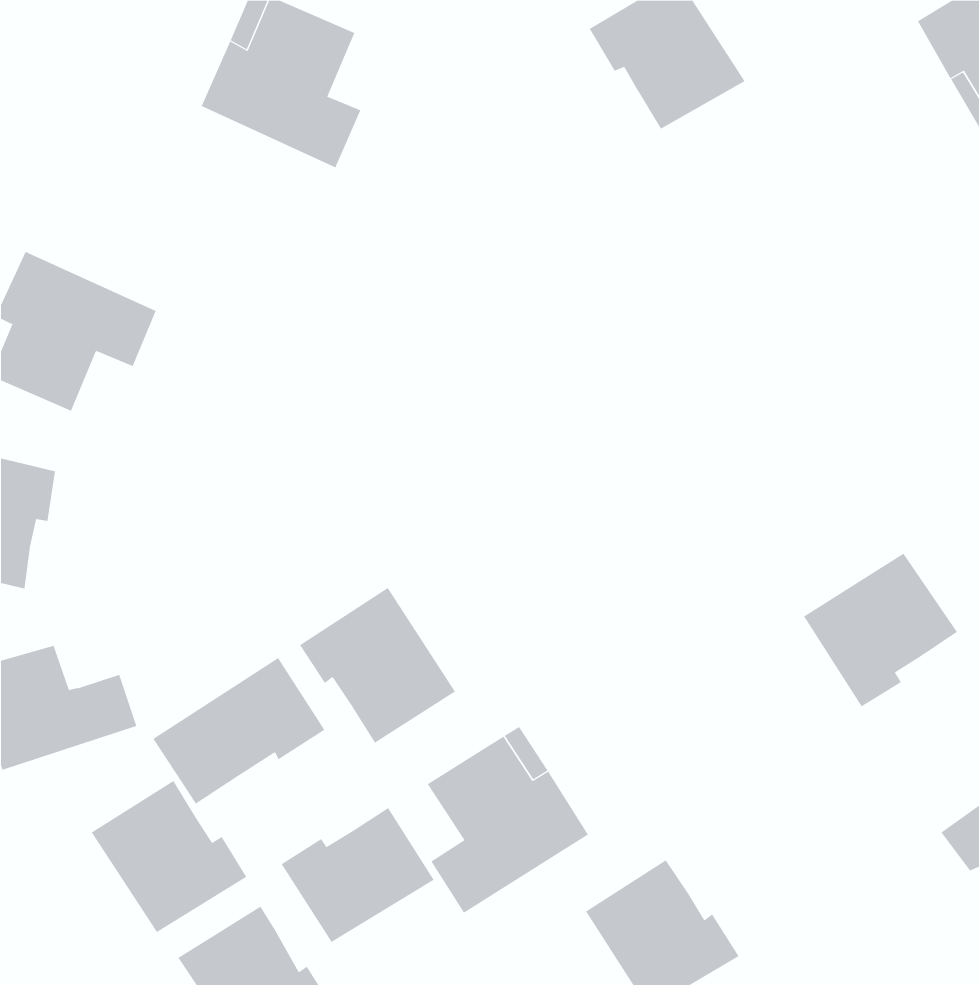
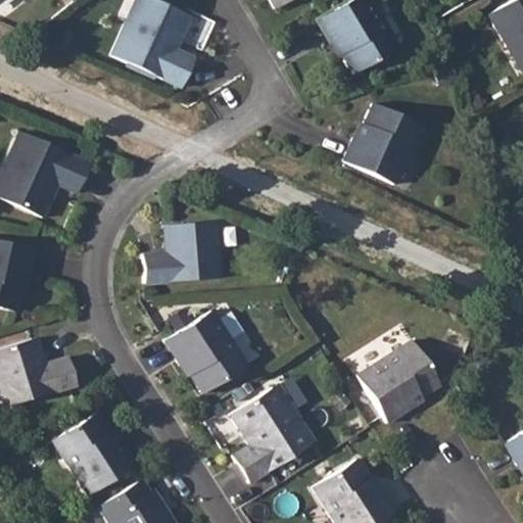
building: none -> [342,101,418,182]
building: none -> [142,222,222,284]
building: [803,553,958,707] -> [355,340,437,422]
building: [153,657,325,804] -> none
building: [281,807,434,943] -> none

